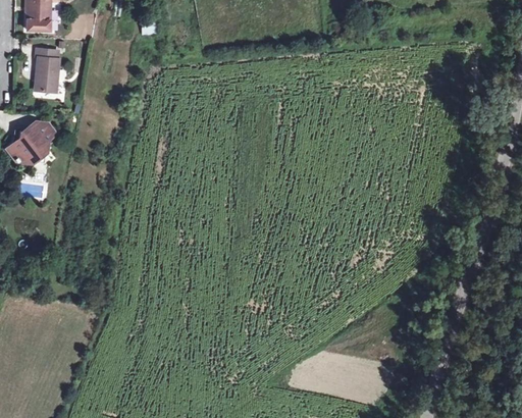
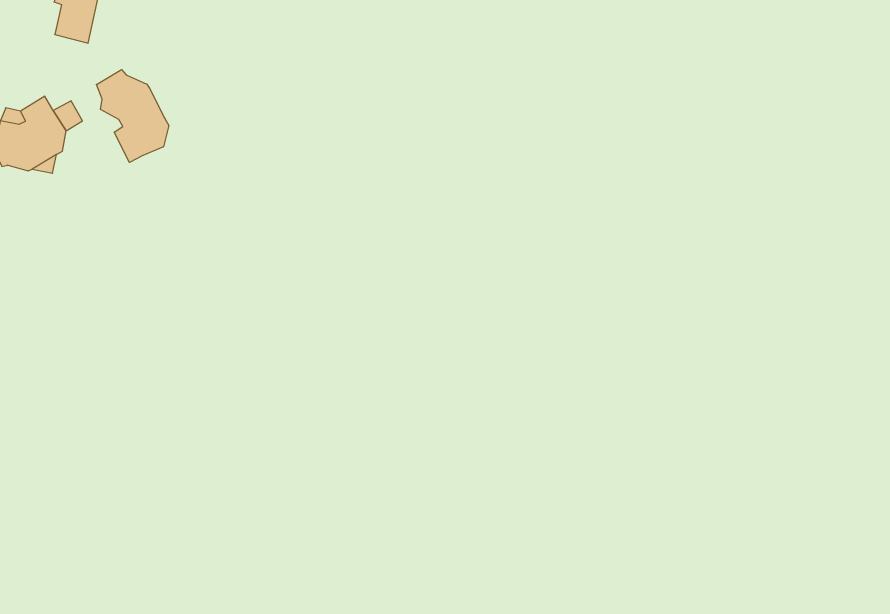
building: none -> [96,70,169,162]

